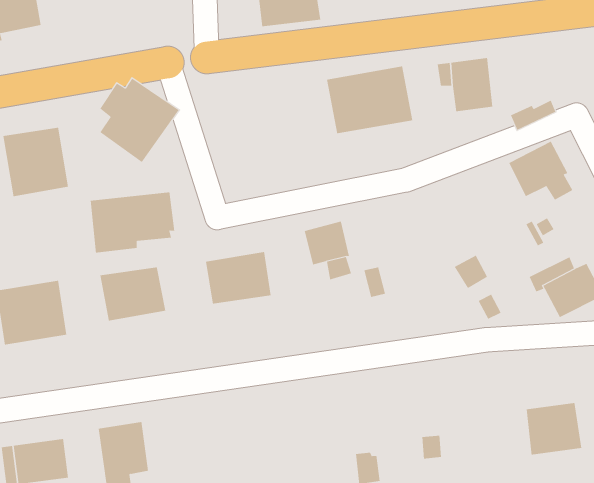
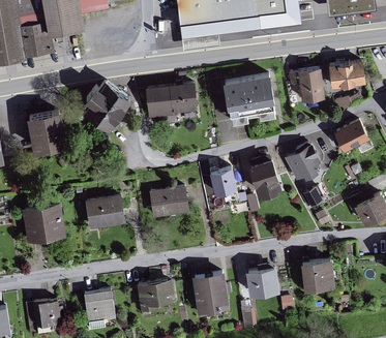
building: none -> [329,61,365,87]
building: none -> [285,144,322,180]
building: [90,192,175,253] -> [145,82,197,119]
building: none -> [248,159,280,196]
building: none -> [245,268,279,297]
building: none -> [191,271,229,318]
building: [526,402,582,455] -> [301,259,335,291]
building: none -> [137,279,175,312]

